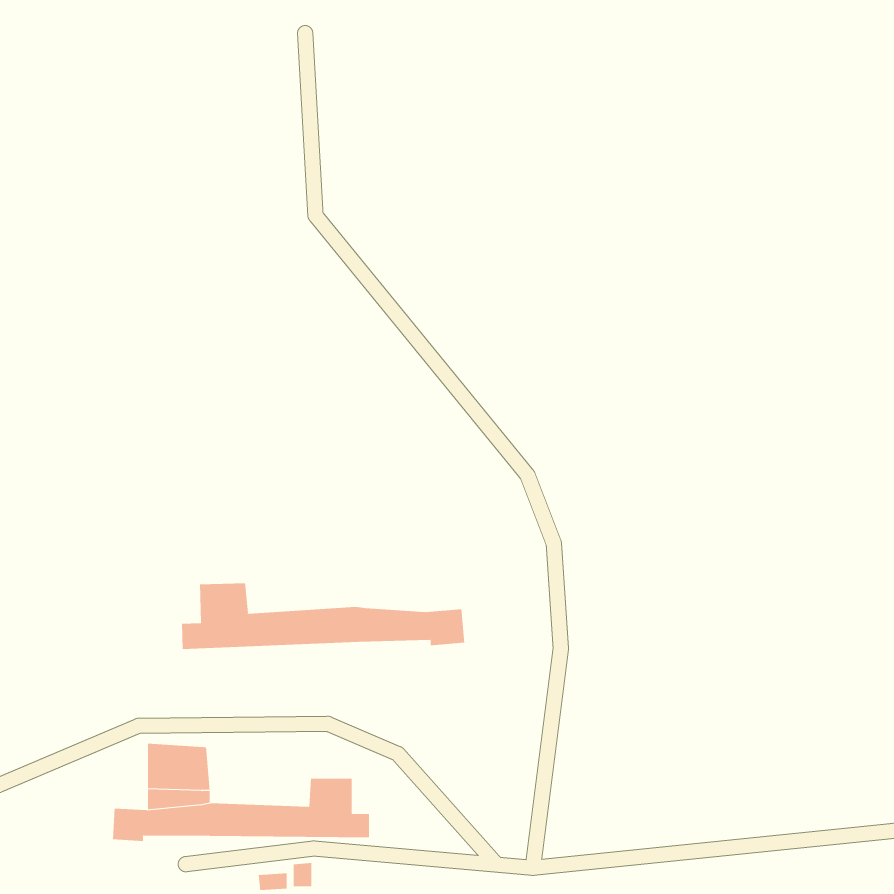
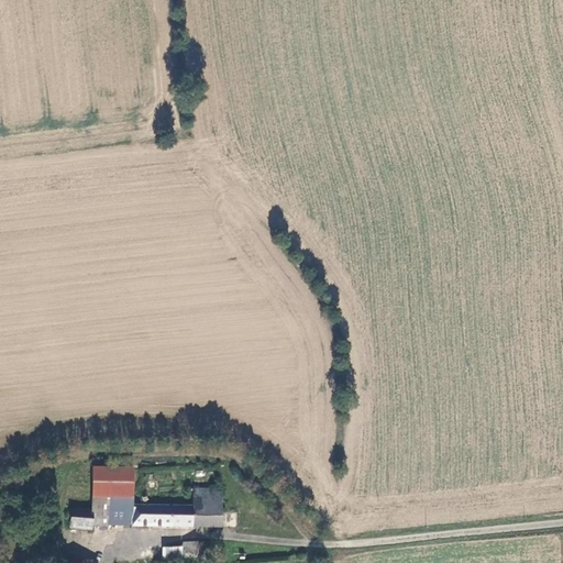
building: [181,582,465,650] -> none

